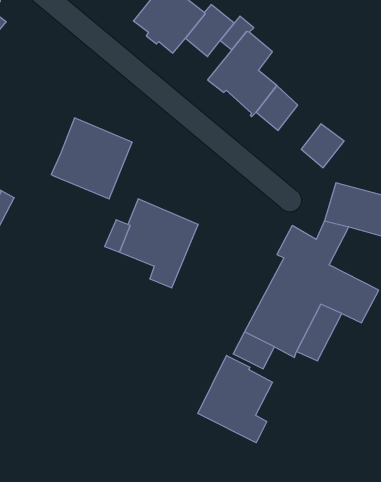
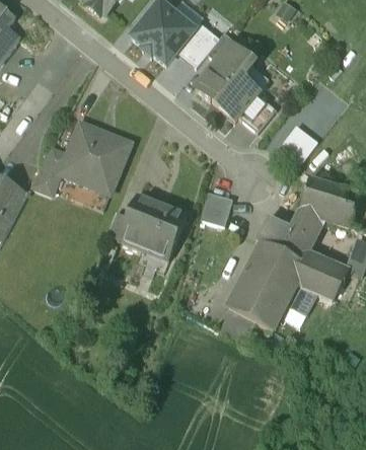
building: none -> [30,146,67,193]
building: none -> [200,191,231,225]
building: [198,355,273,443] -> none

